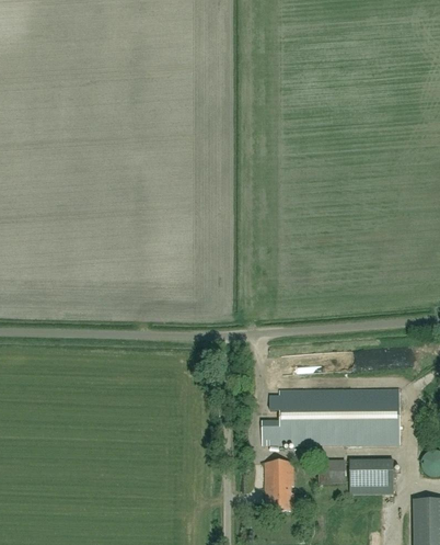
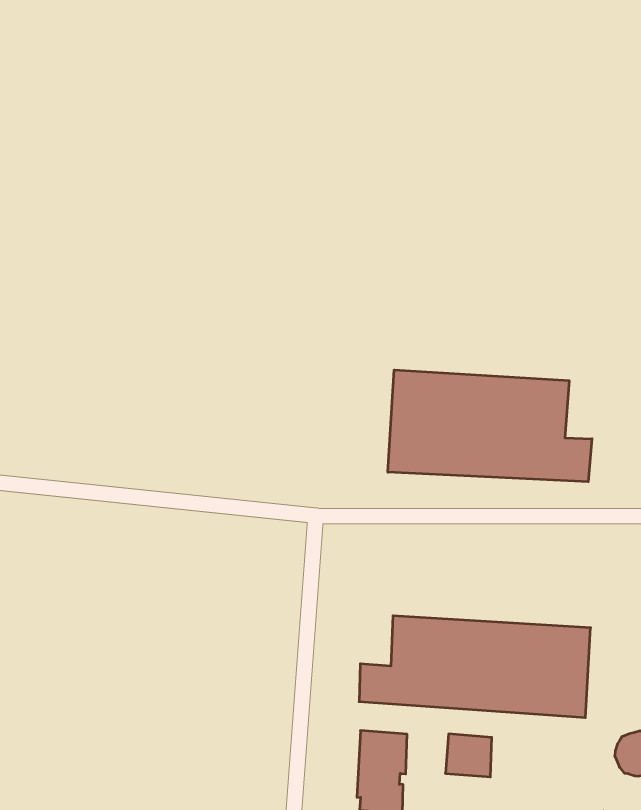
building: none -> [388,370,592,482]
building: [349,459,393,493] -> none

